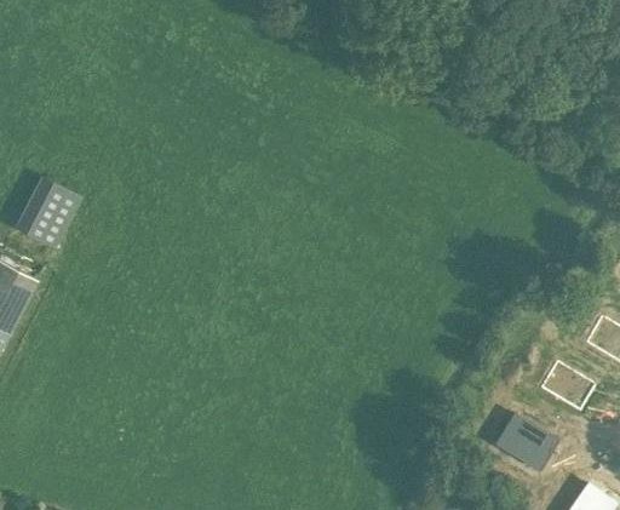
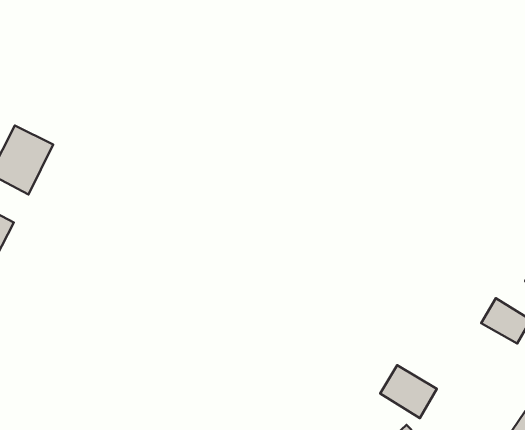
building: [495,413,556,470] -> [380,365,437,418]

